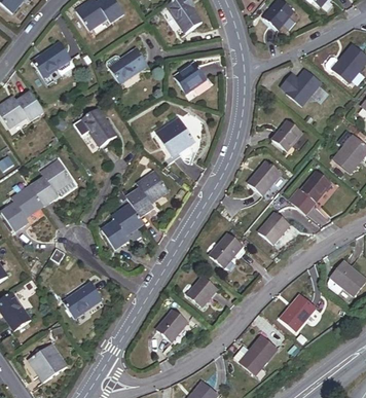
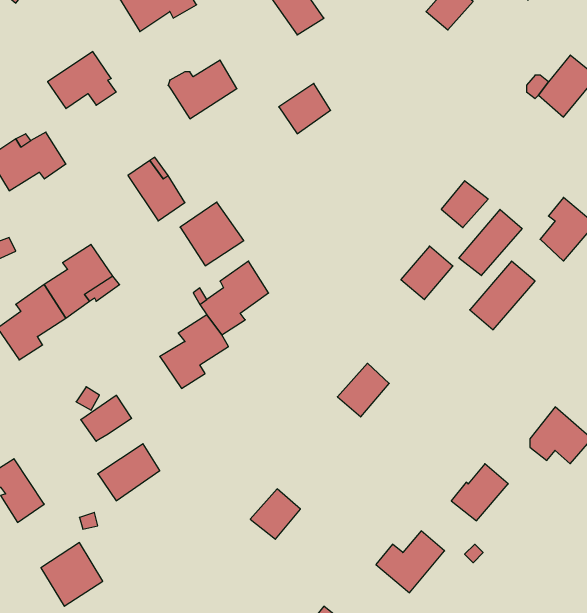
building: [281,71,320,105] -> none
building: [156,117,195,156] -> [180,202,244,266]
building: none -> [459,209,522,276]
building: [259,213,289,244] -> none
building: none -> [81,395,132,441]
building: [187,278,216,306] -> none

